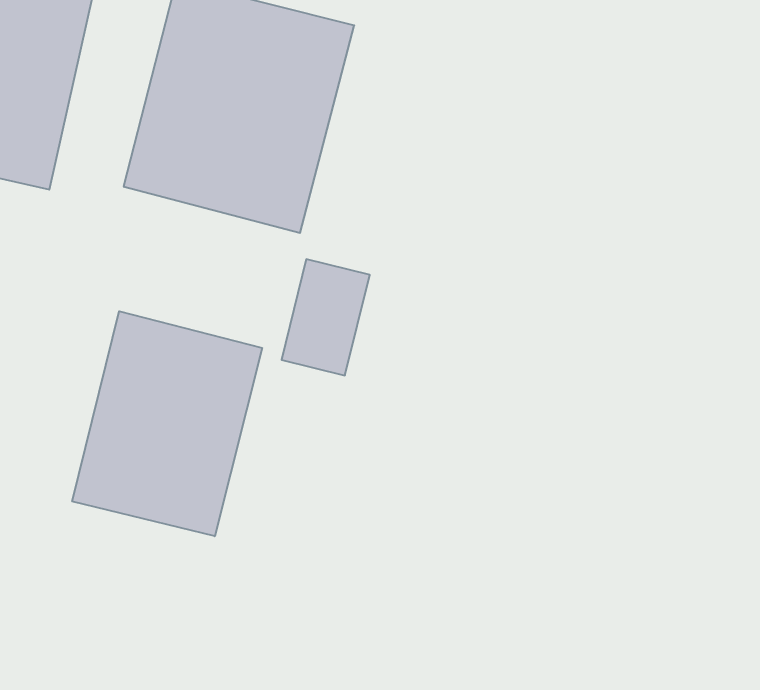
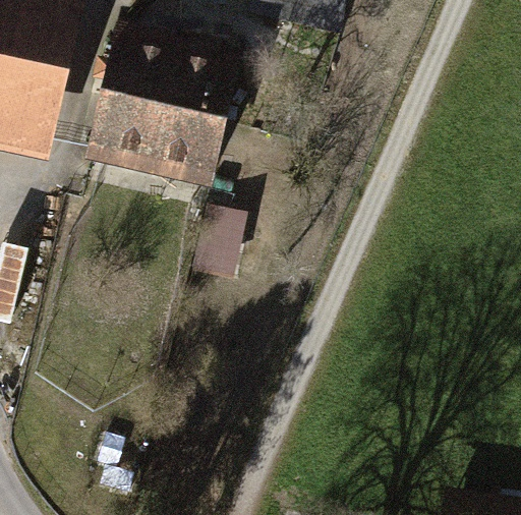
building: [72,311,262,536] -> none

